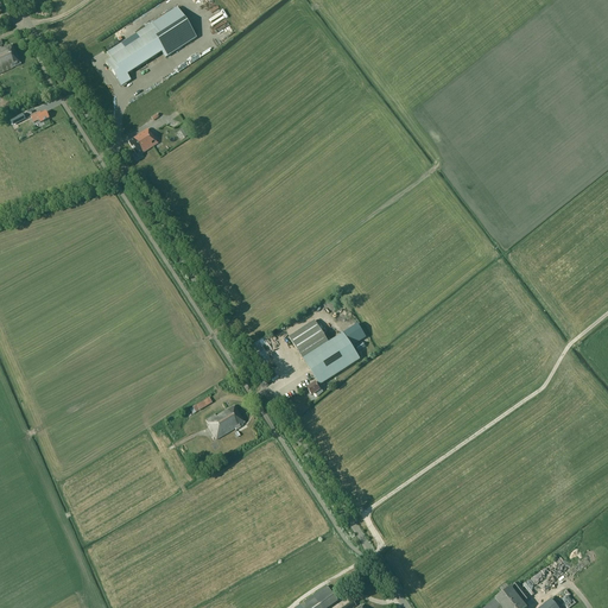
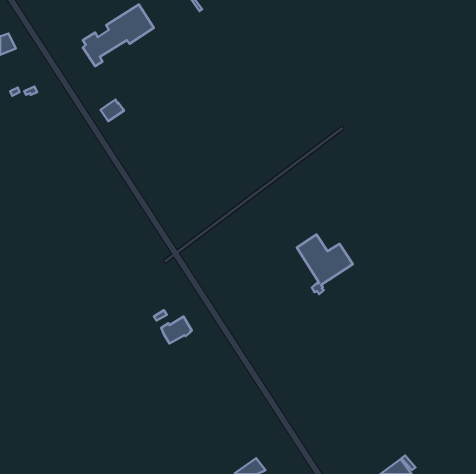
building: [289,319,360,395] -> [297,234,353,294]

